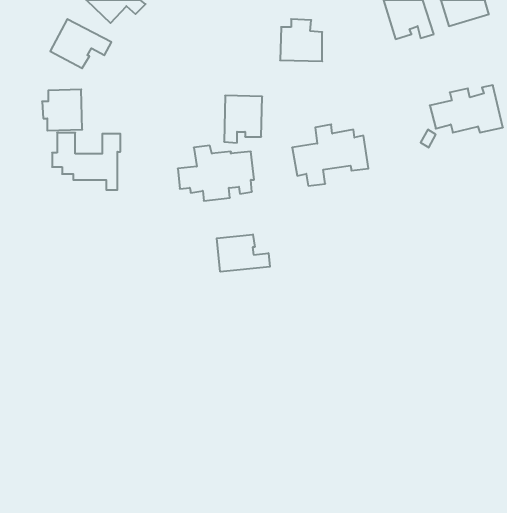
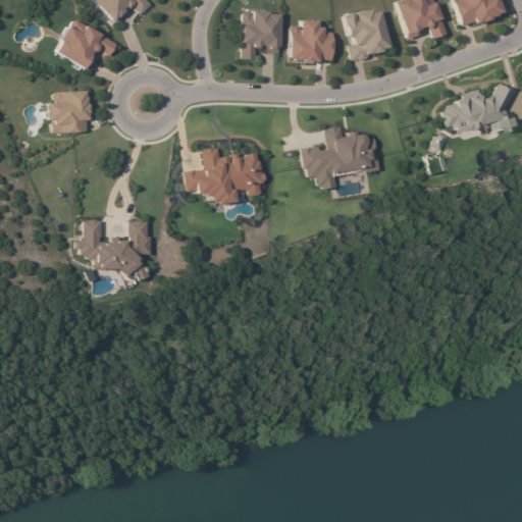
building: none -> [346,8,389,61]
building: [224,96,262,143] -> [244,11,282,59]
building: [52,133,120,190] -> [80,220,149,278]
building: [217,234,270,272] -> none

